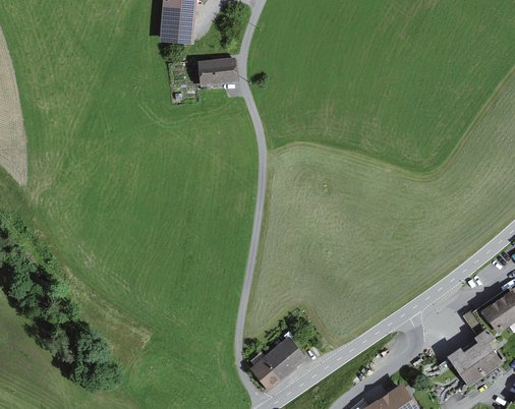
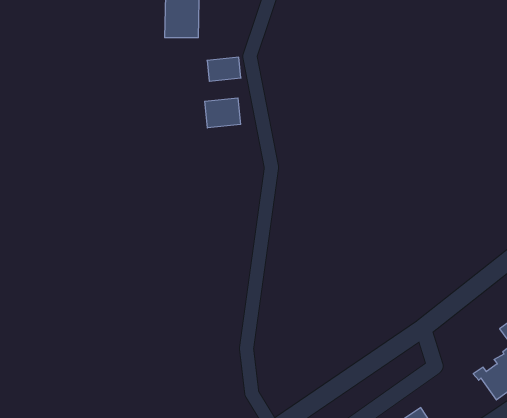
building: none -> [205,98,241,128]
building: [253,341,302,384] -> none

